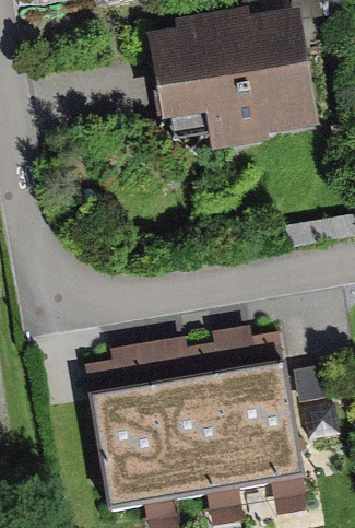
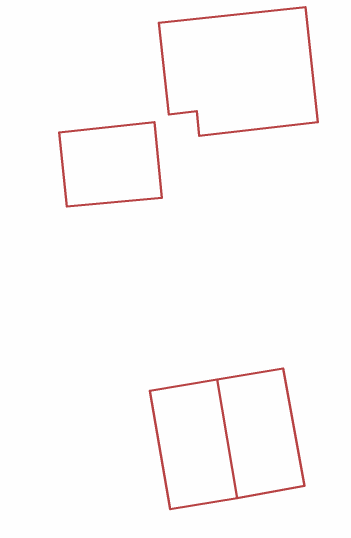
building: none -> [59,122,162,207]
building: [85,383,169,509] -> none

